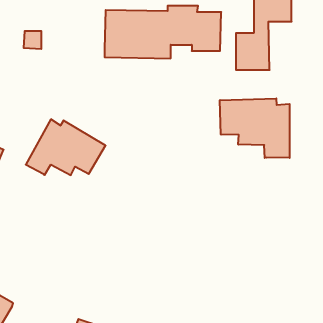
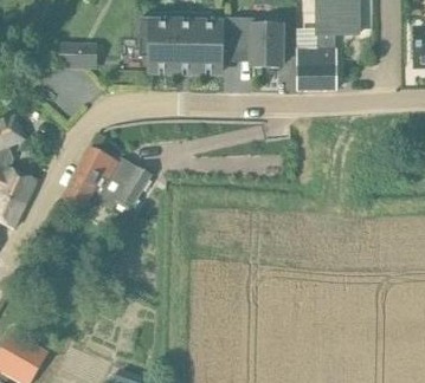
building: [220,98,290,158] -> none

